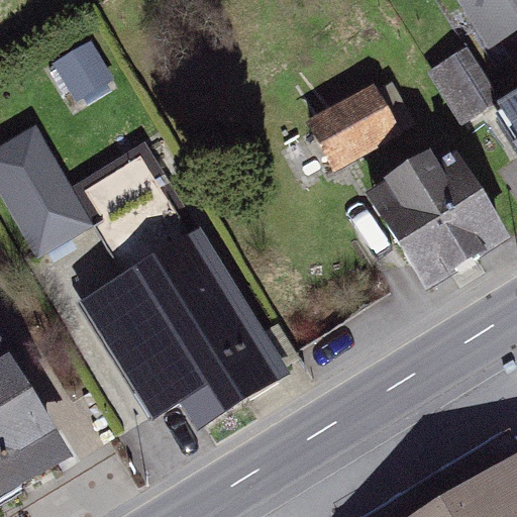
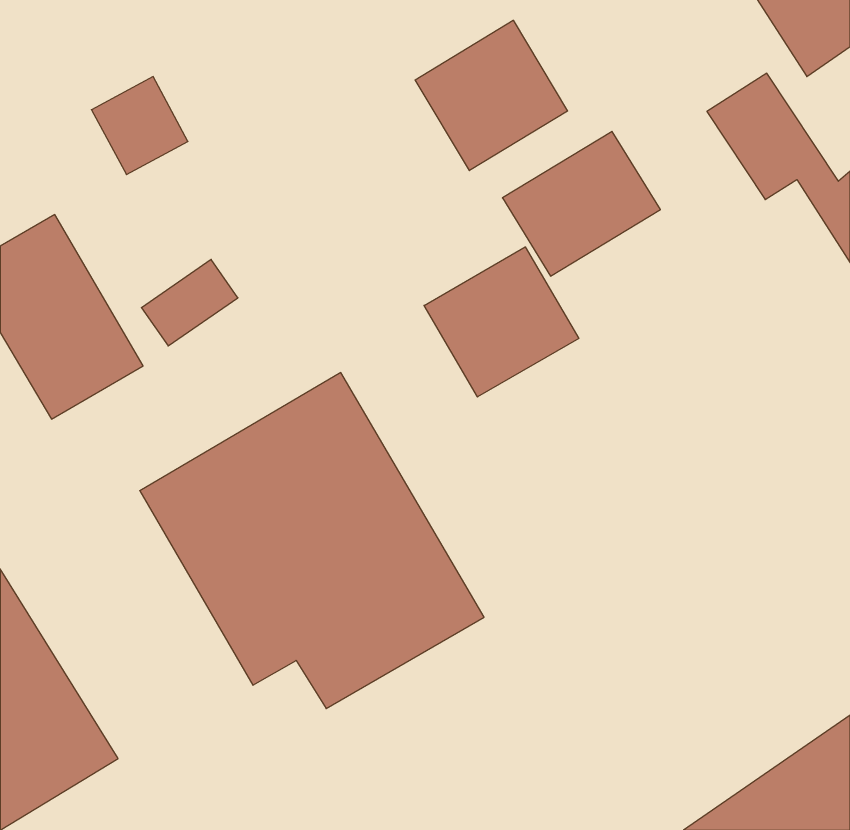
building: none -> [415,20,568,171]
building: [366,149,509,291] -> none
building: none -> [424,247,579,397]

